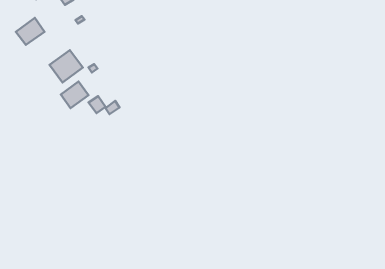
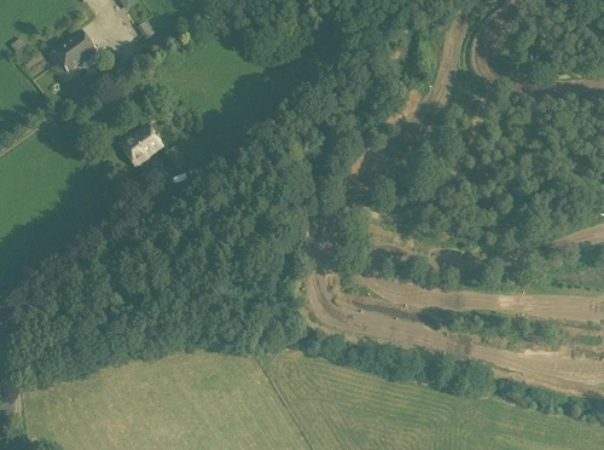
building: [49,50,83,82] -> none

